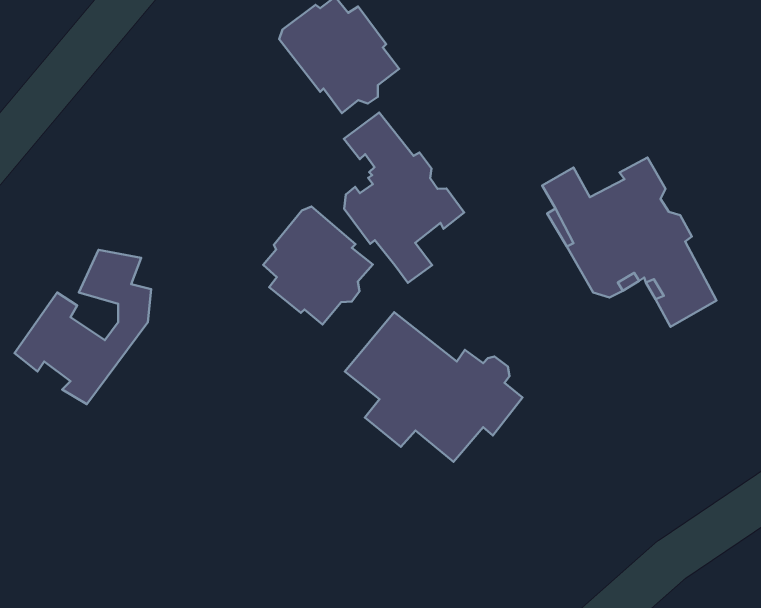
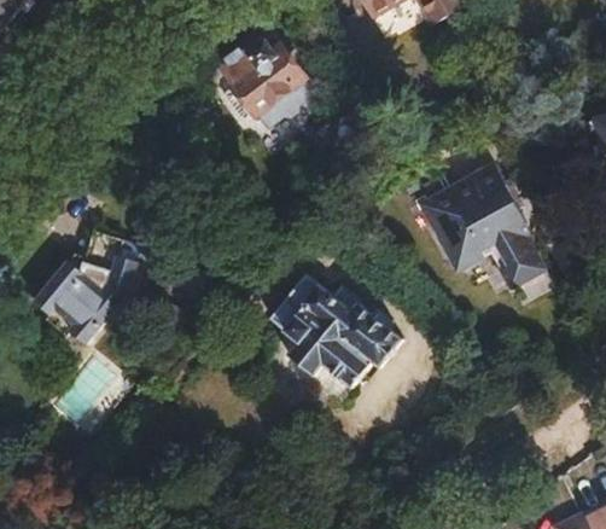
building: [344,113,464,283] -> none
building: [263,207,373,324] -> none

